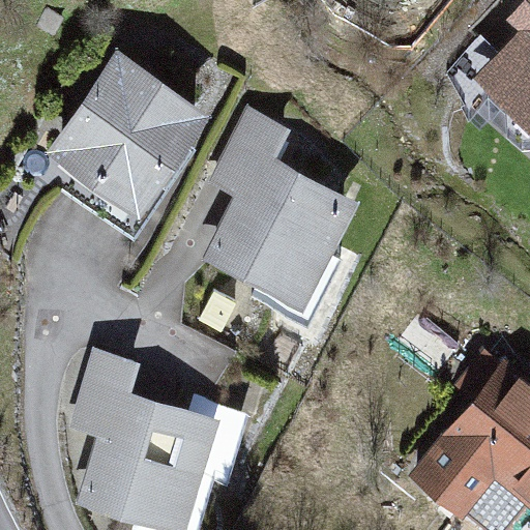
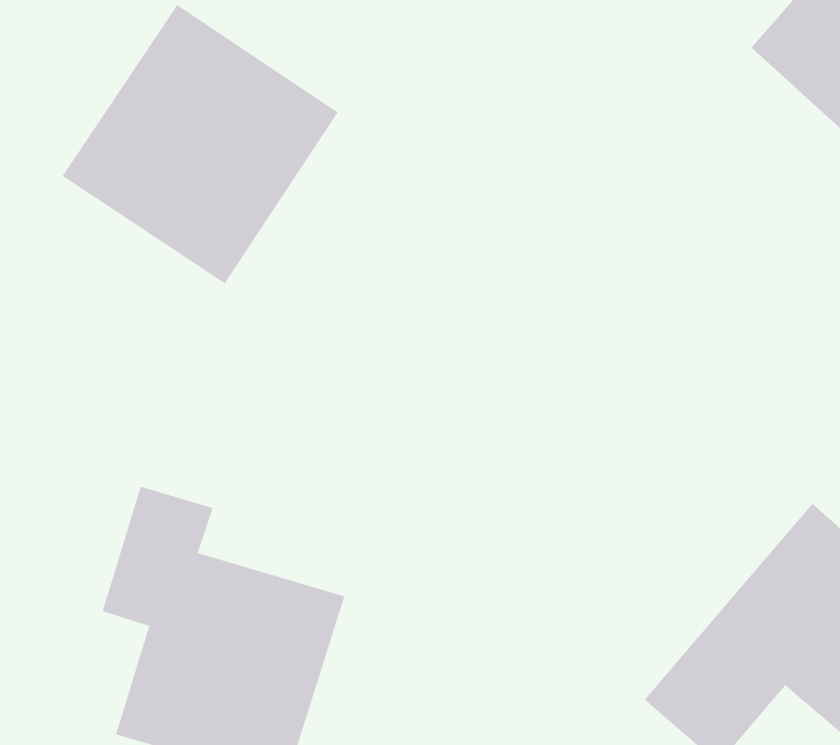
building: [204,111,357,311] -> none

